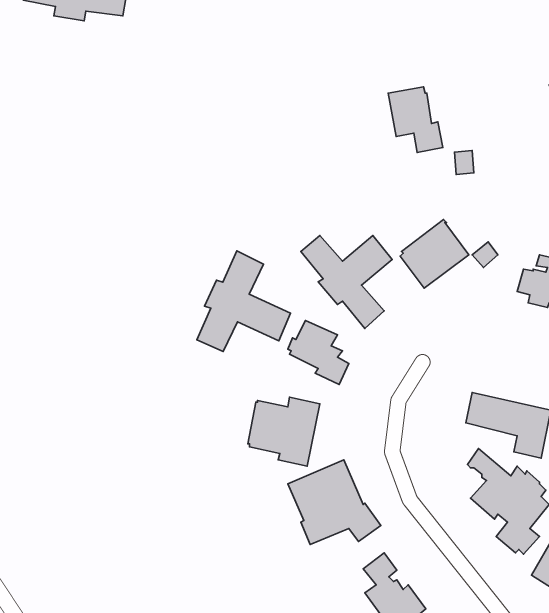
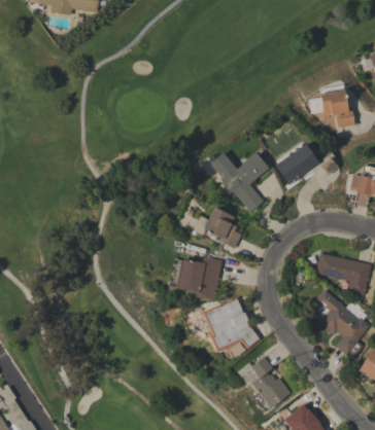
building: [388,87,443,152] -> [320,85,355,128]
building: [197,251,291,352] -> none

